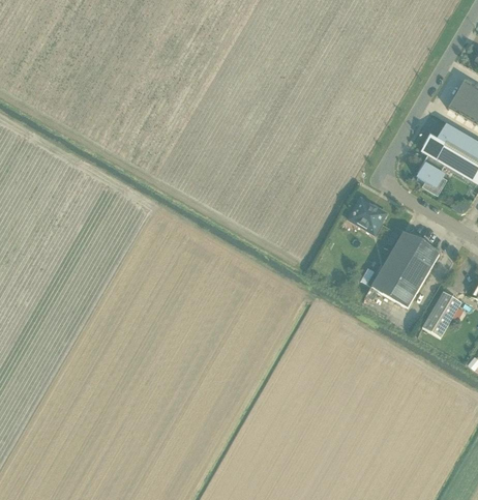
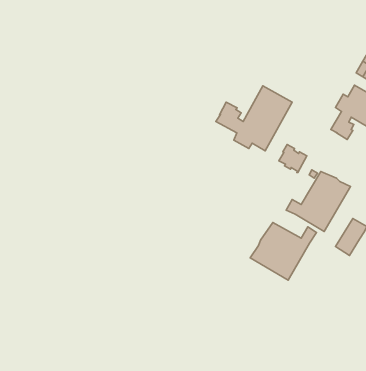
building: none -> [216,86,292,151]
building: none -> [250,222,316,280]

